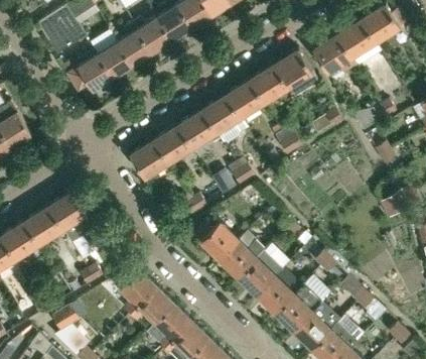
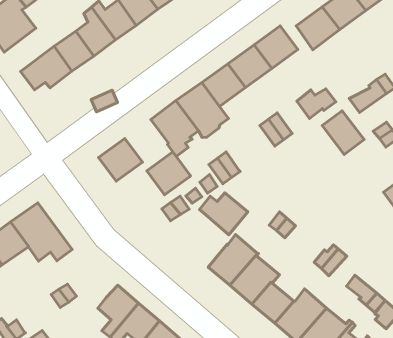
building: [154,125,192,162] -> [147,152,191,195]
building: none -> [322,111,364,154]
building: [195,222,238,259] -> [200,193,248,235]

